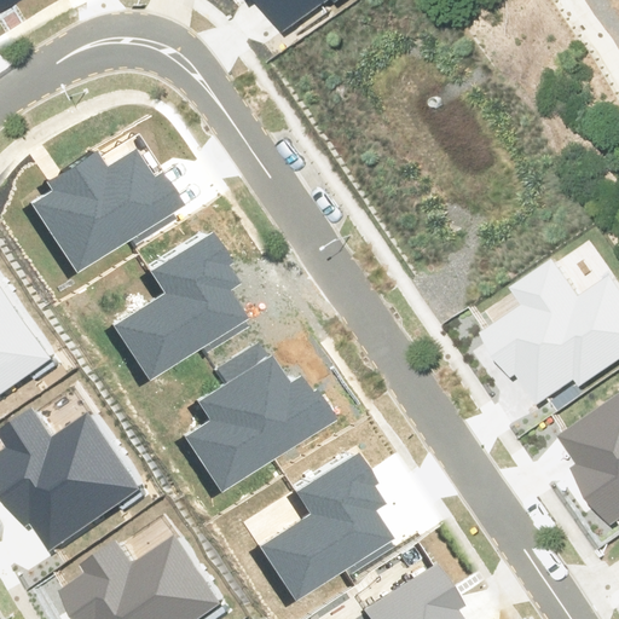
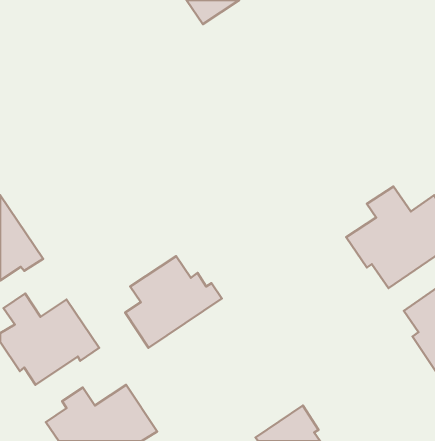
building: [28,154,177,270] -> none
building: [108,237,241,377] -> none
building: [255,461,386,596] -> none

